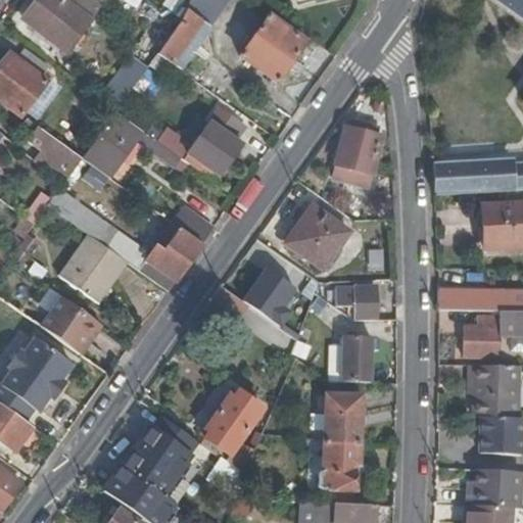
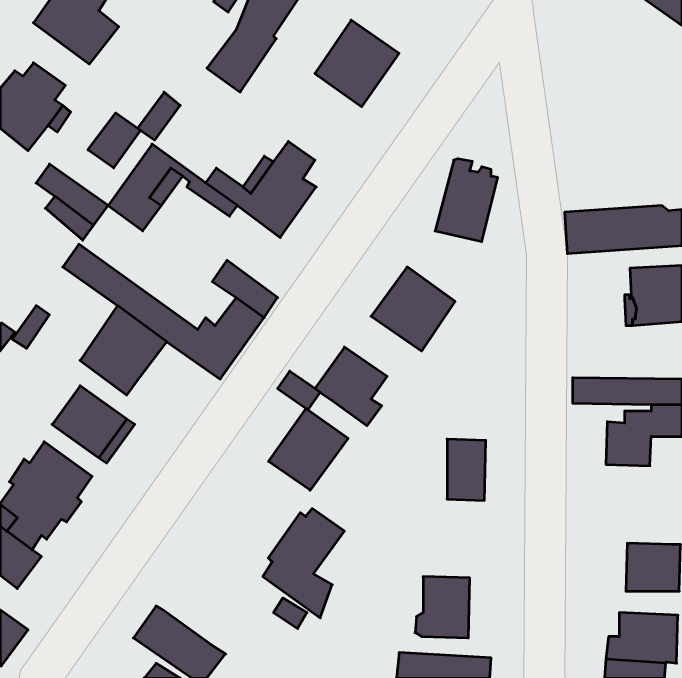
building: none -> [88,113,141,168]
building: [333,286,375,319] -> none
building: none -> [269,408,348,490]
building: [468,364,515,417] -> none
building: [316,393,362,442] -> none
building: [125,427,190,493] -> none

